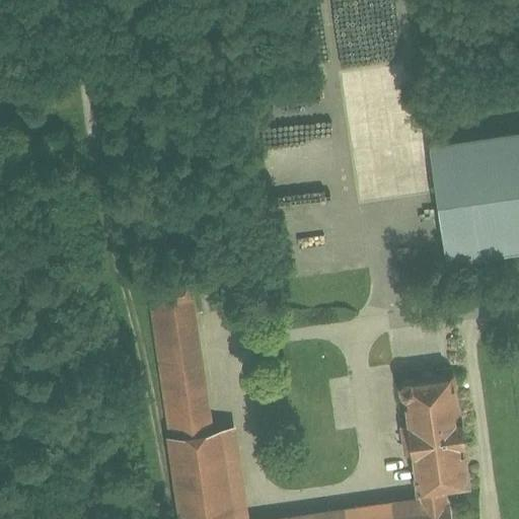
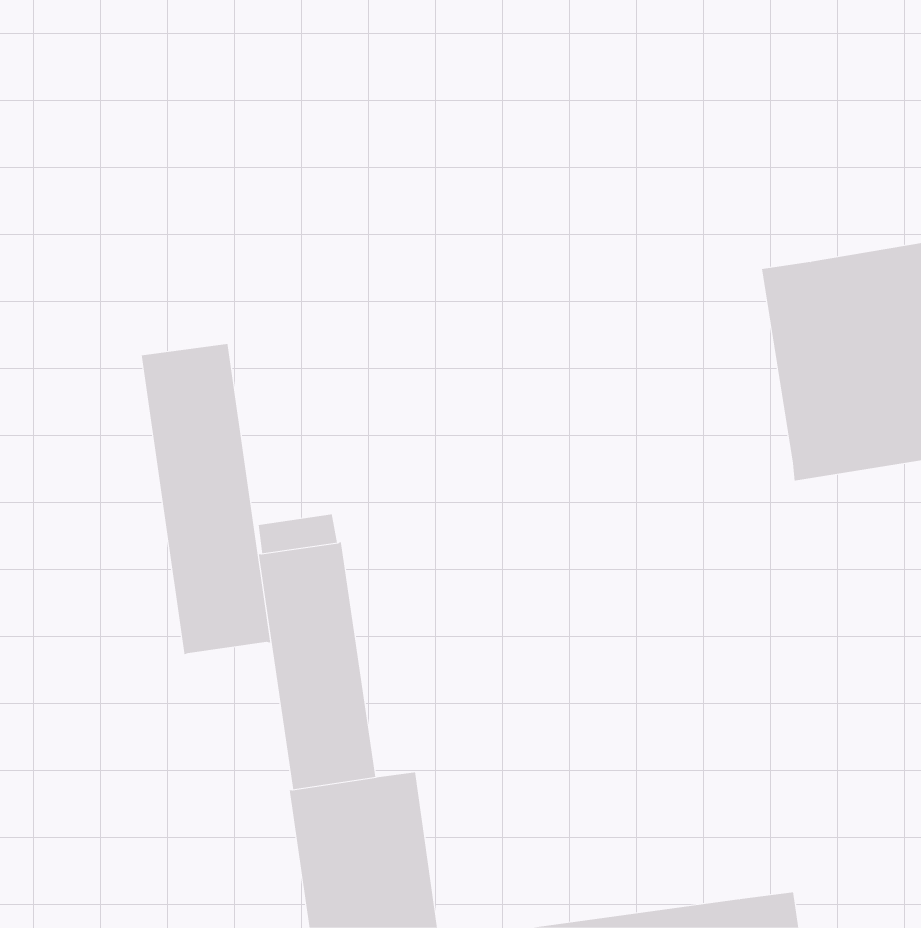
building: none -> [141,343,271,655]
building: [400,381,472,502] -> none

